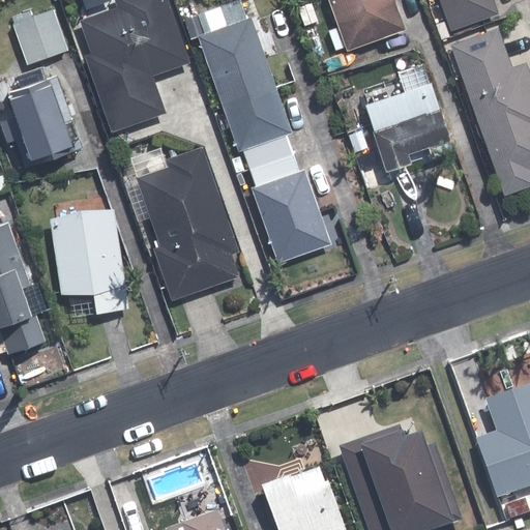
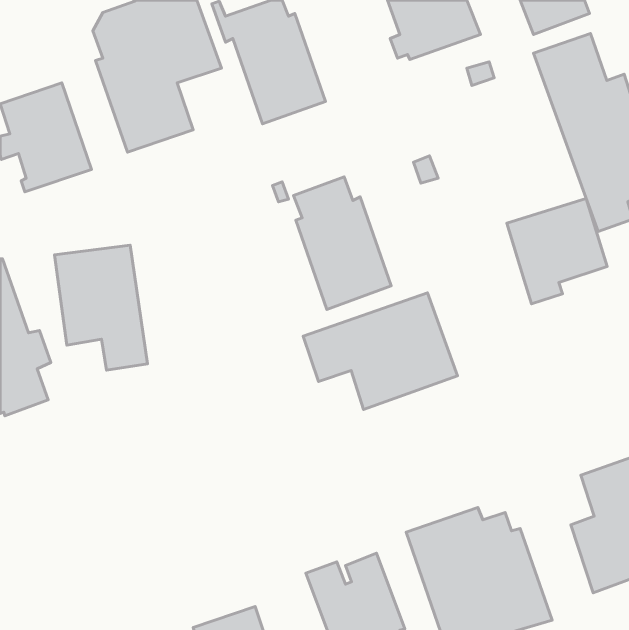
building: [12,8,67,62] -> none
building: [365,86,449,174] -> [507,198,607,304]
building: [223,87,291,166] -> none
building: [136,145,238,297] -> none
building: none -> [303,293,458,410]

